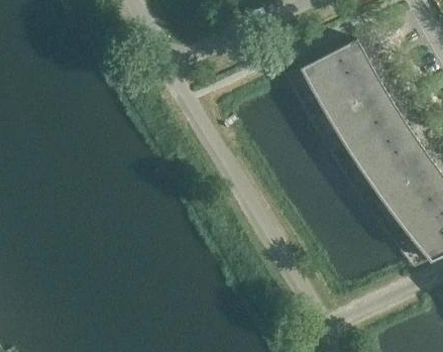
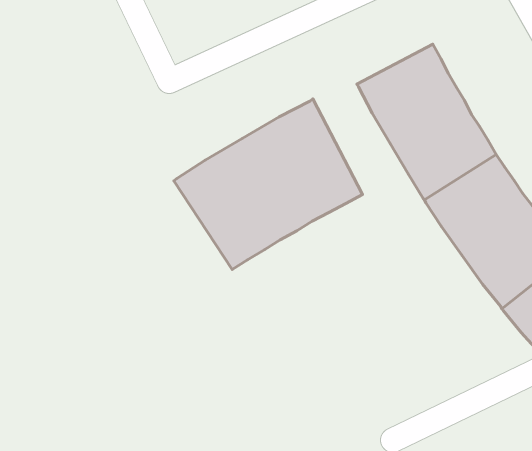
building: none -> [174,99,362,269]

